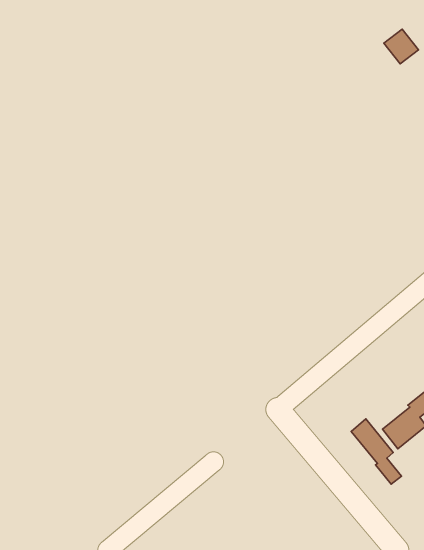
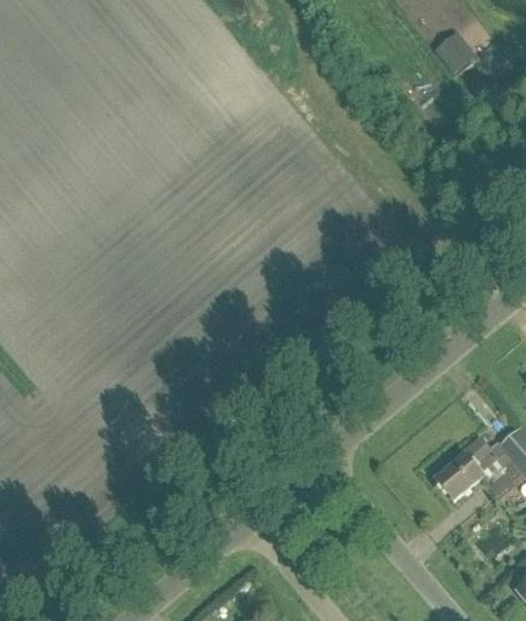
building: [351,419,401,484] -> none

